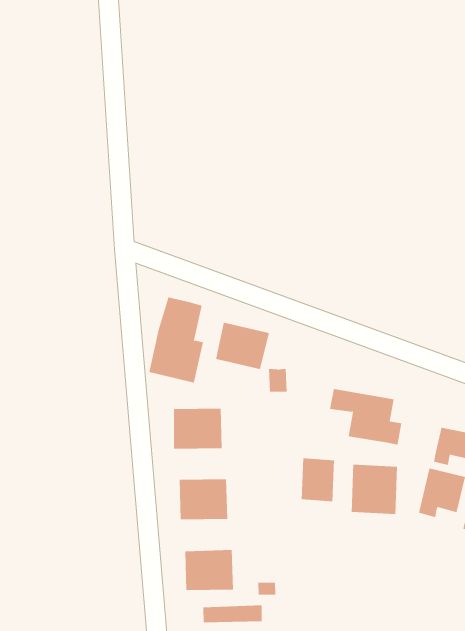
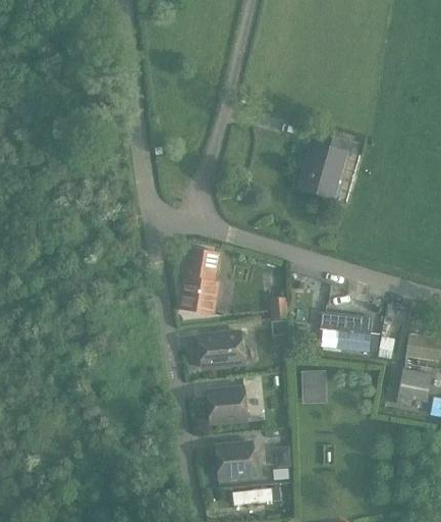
building: none -> [298,136,359,199]
building: [216,322,269,370] -> none
building: [351,464,398,515] -> none

